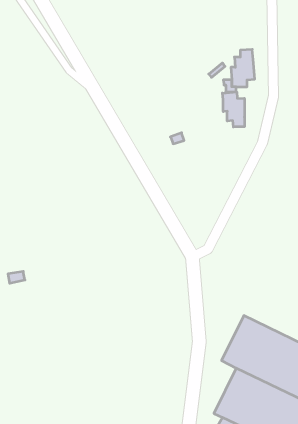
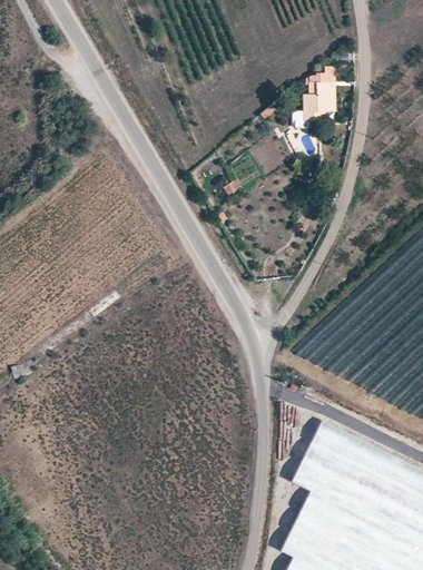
building: [222,92,244,127] -> none

